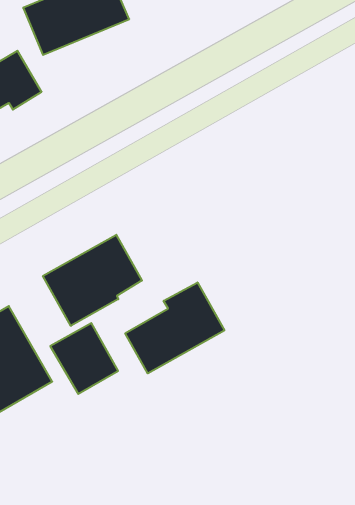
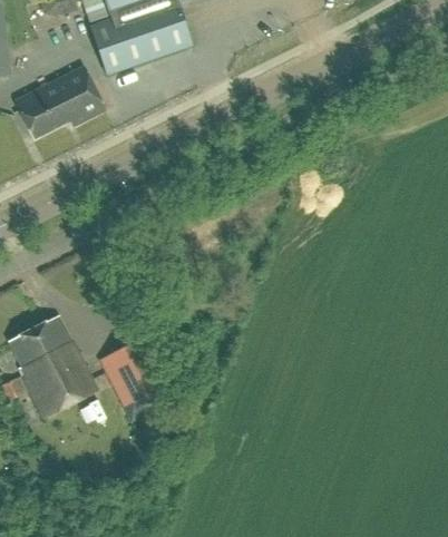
building: [43,235,142,326] -> none
building: [125,282,224,373] -> none

